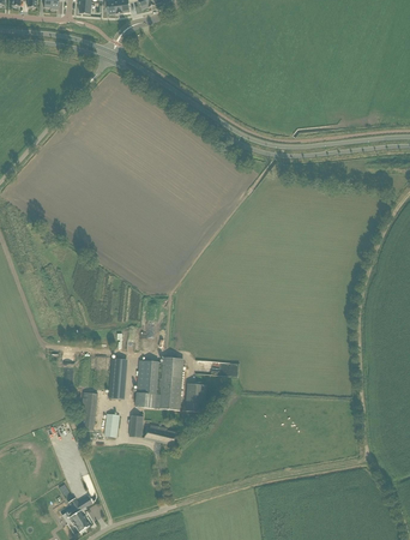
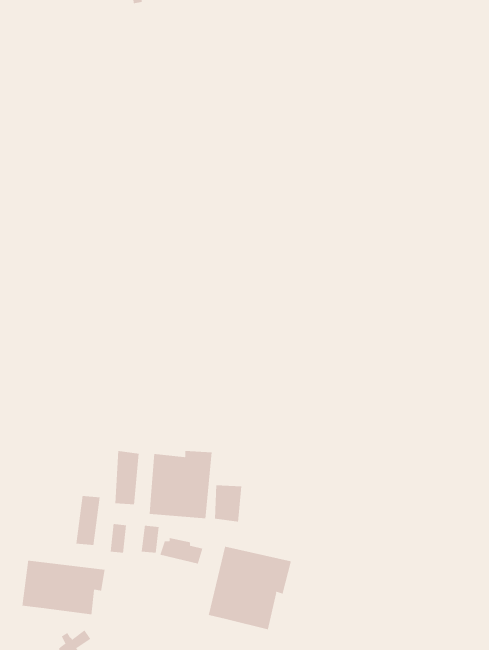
building: none -> [208,546,292,630]
building: none -> [22,560,105,615]

